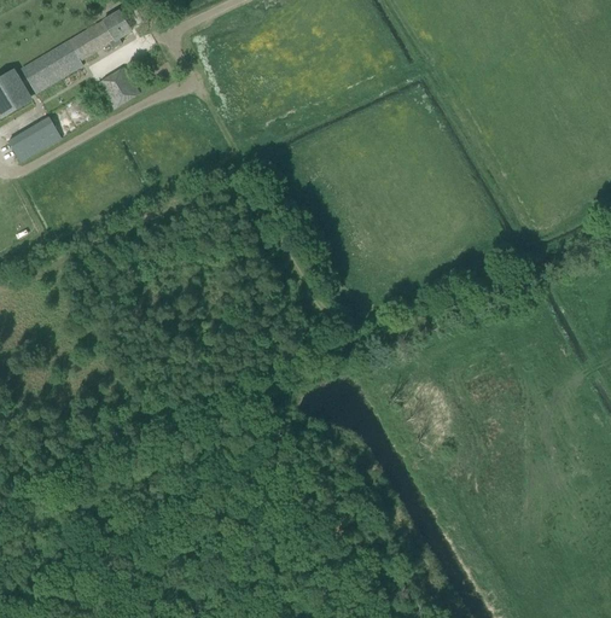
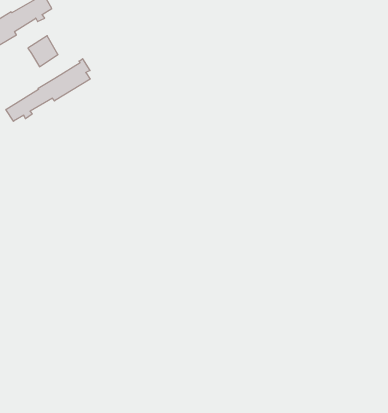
building: none -> [6,59,90,121]

